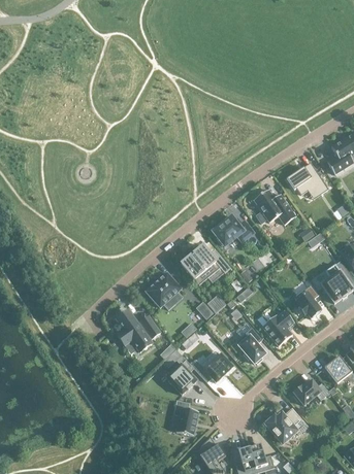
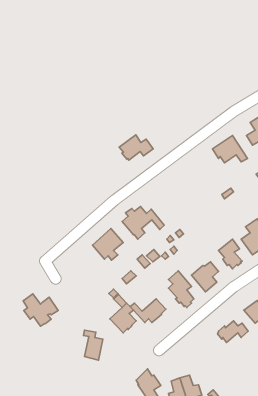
building: [253,189,295,224] -> none
building: [212,215,252,245] -> [119,135,153,160]
building: [118,312,159,350] -> [23,294,58,326]
building: [174,400,197,435] -> [84,330,103,360]
building: [265,409,307,442] -> none

